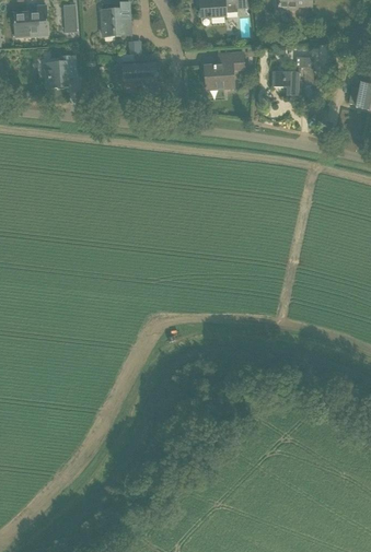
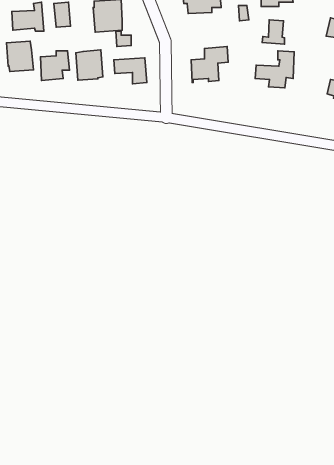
building: none -> [262,20,285,44]
building: none -> [7,41,33,72]
building: none -> [76,50,103,80]

